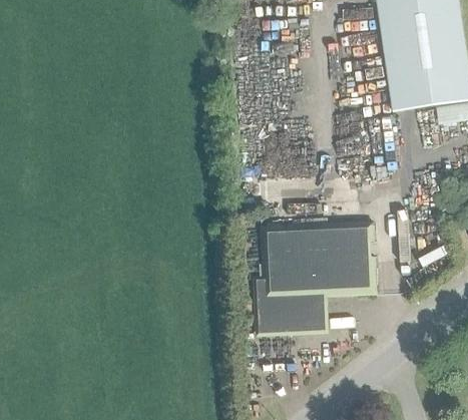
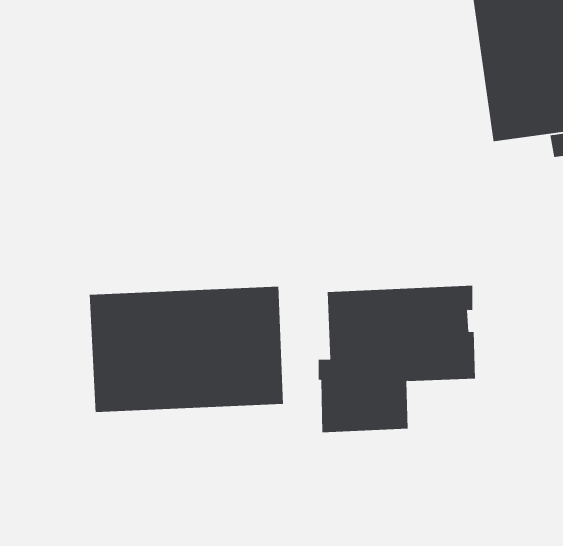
building: none -> [89,286,283,413]

